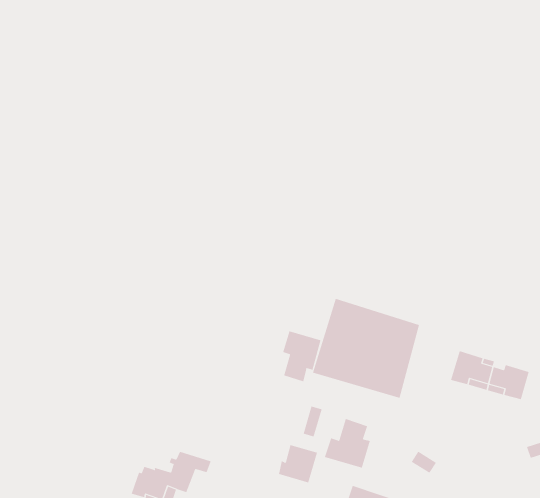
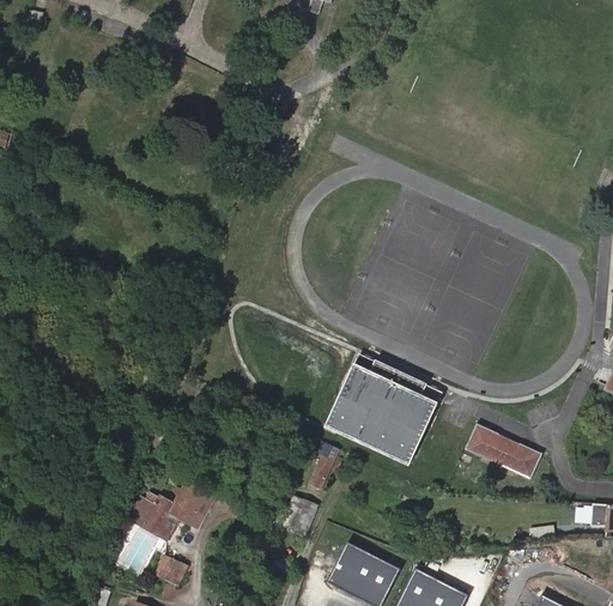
building: [282,330,321,382] -> none
building: [324,418,370,469] -> none

